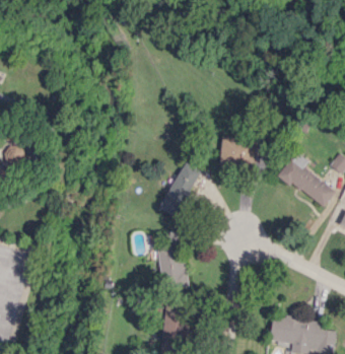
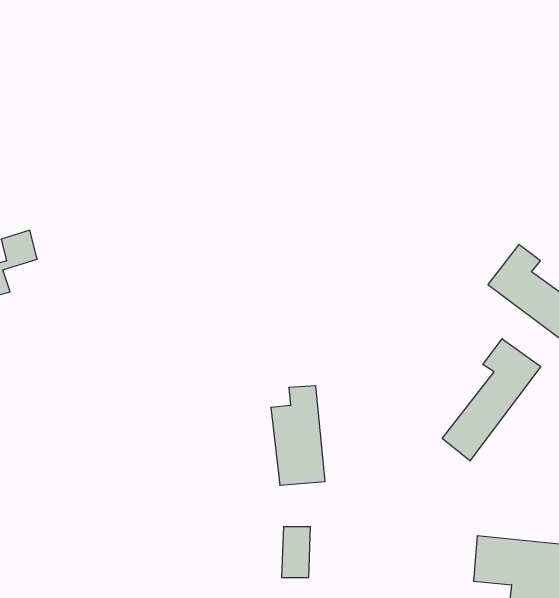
building: [220,141,257,168] -> none
building: [159,162,202,218] -> none
building: none -> [442,339,541,461]

